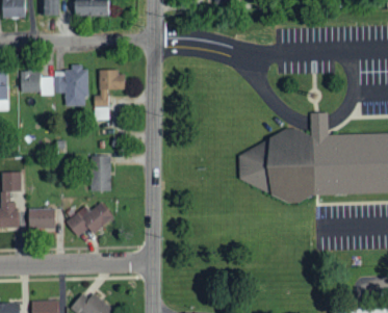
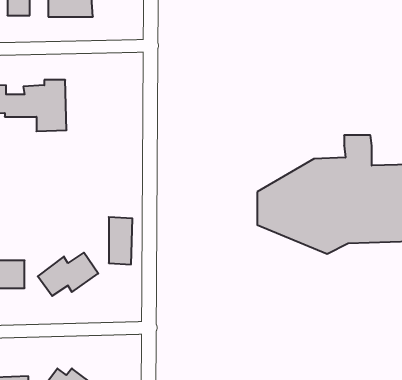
building: [95,70,125,120] -> none
building: [93,154,111,191] -> [109,217,132,264]

